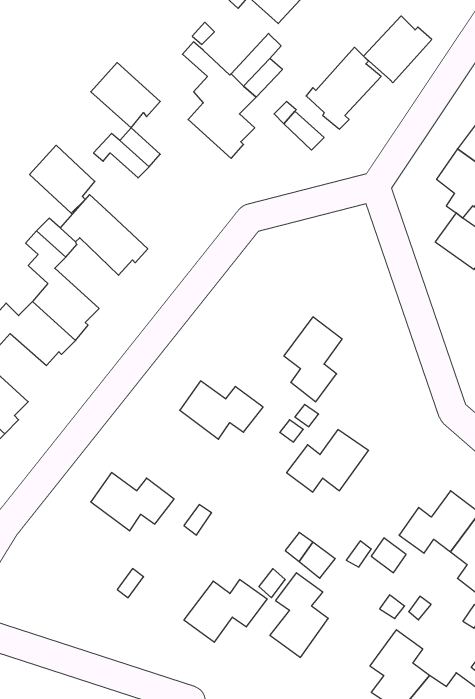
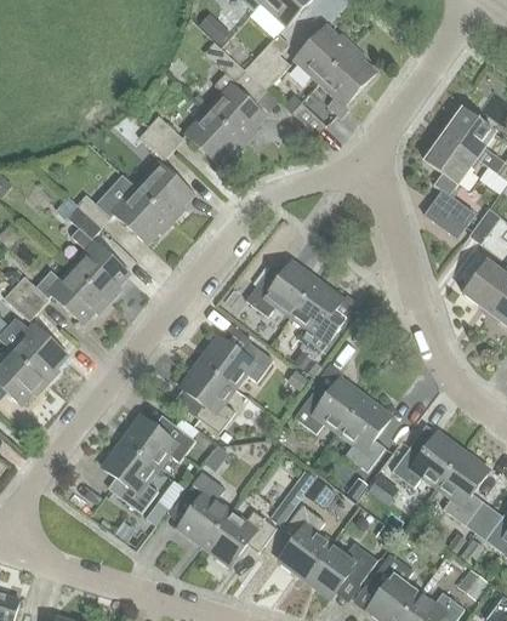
building: [364,16,432,83] -> [294,24,353,82]
building: [91,63,160,128] -> [184,108,245,165]
building: [30,145,95,213] -> [136,161,193,221]
building: none -> [245,261,317,315]
building: none -> [181,361,235,432]
building: none -> [340,397,391,471]
building: none -> [103,441,158,513]
building: none -> [178,472,229,545]
building: none -> [306,542,377,597]

